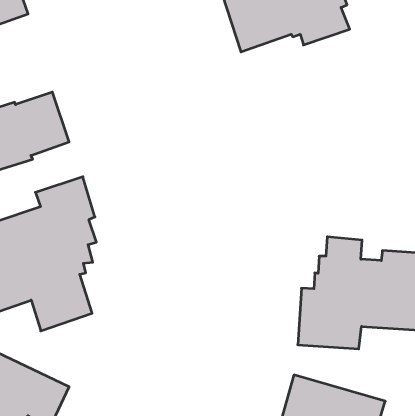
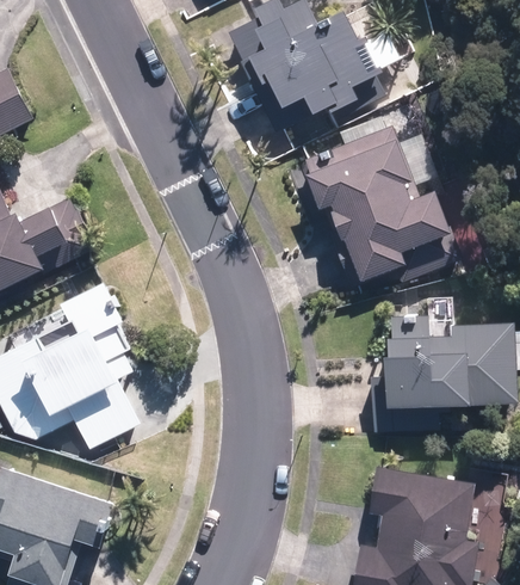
building: none -> [295,123,453,281]

